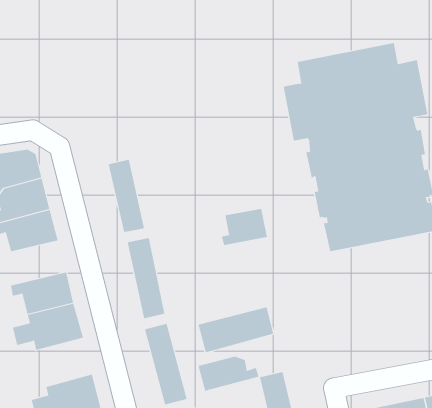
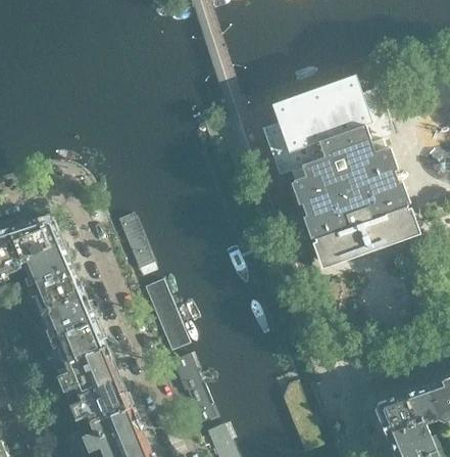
building: [221,208,268,246] -> none
building: none -> [45,294,97,340]
building: [198,306,274,353] -> none
building: none -> [68,377,133,425]
building: [198,356,259,392] -> none

